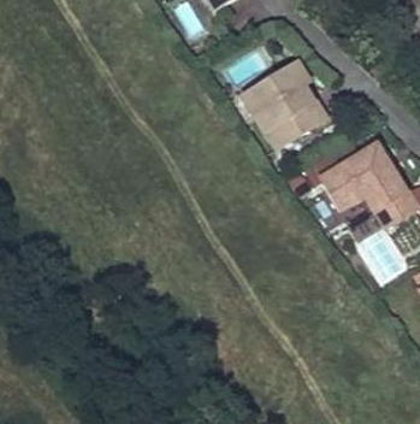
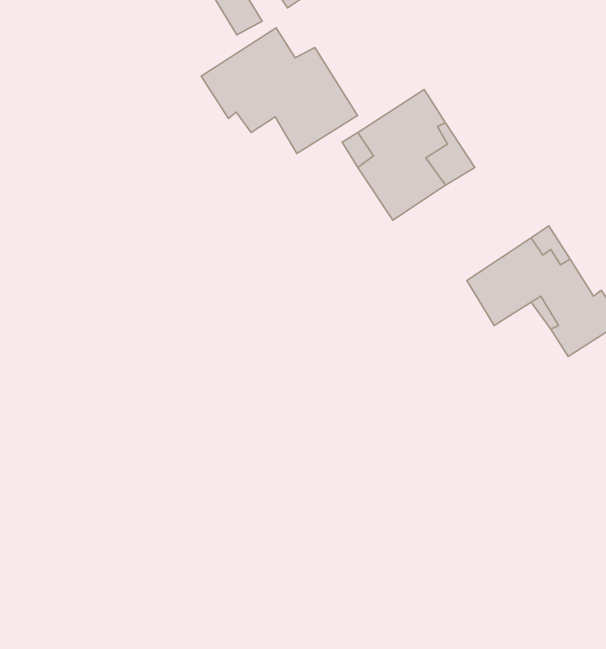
building: none -> [201,28,358,153]

